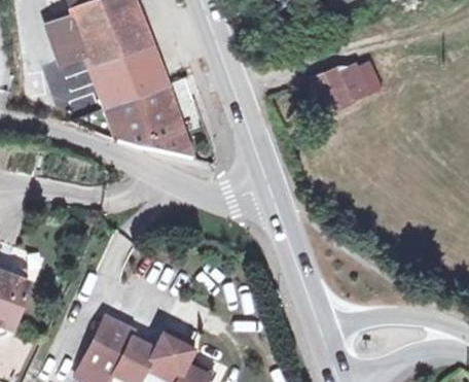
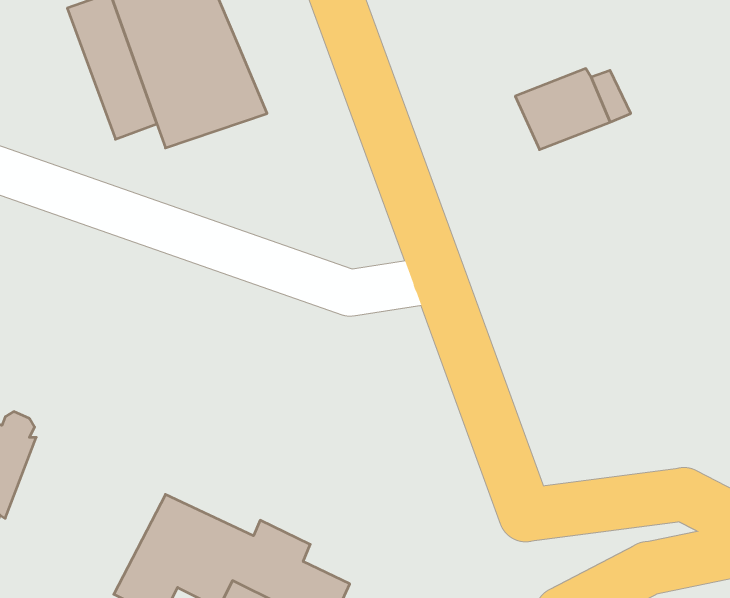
building: [107,88,191,158] -> none

